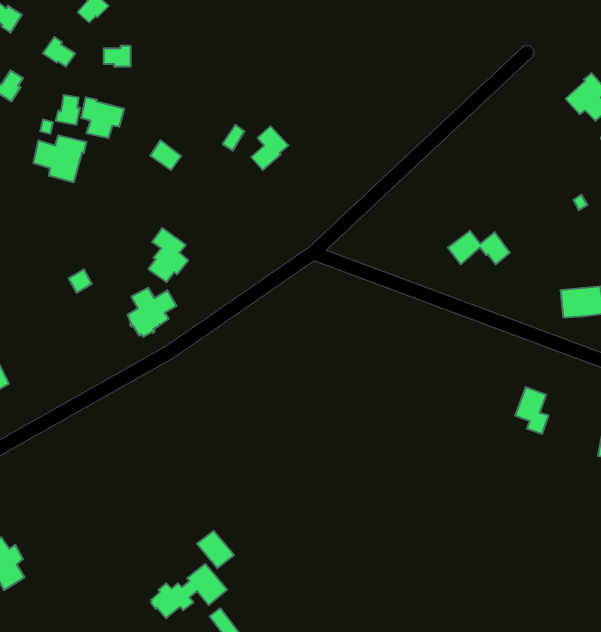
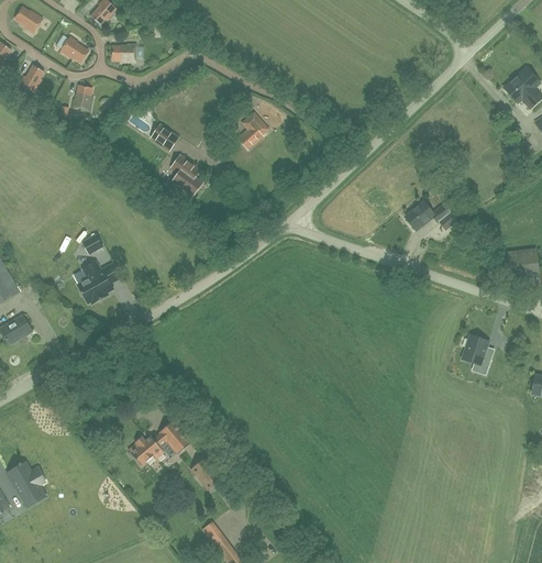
building: [81,97,124,138] -> none
building: [34,135,86,182] -> none
building: [148,228,188,282] -> [168,155,202,201]
building: [127,288,177,337] -> [78,262,120,303]
building: [151,564,227,618] -> [128,419,192,465]

